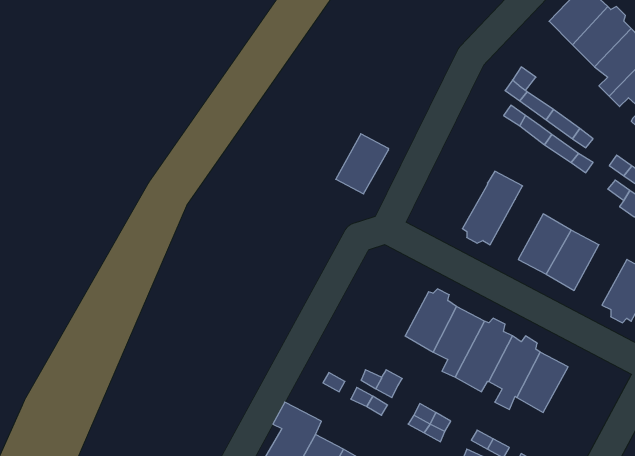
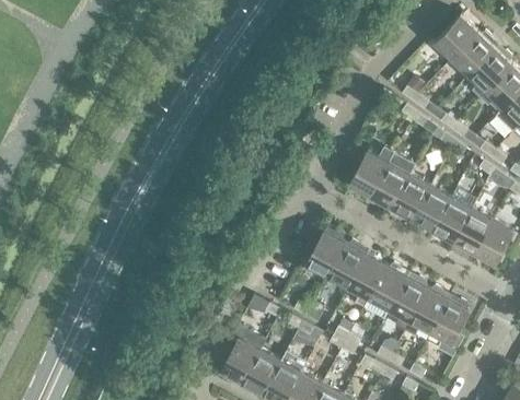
building: [336,134,389,194] -> [350,152,390,197]
building: none -> [392,175,431,222]
building: none -> [454,209,494,254]
building: none -> [307,232,346,277]
building: none -> [431,299,472,356]

